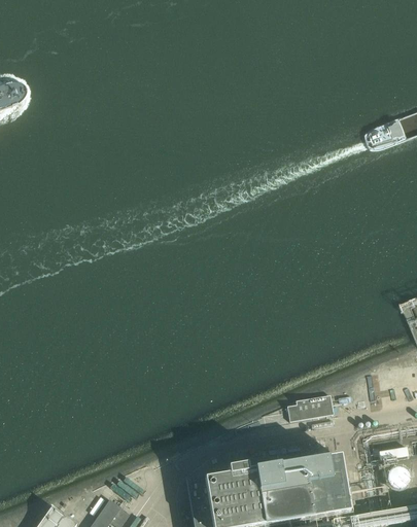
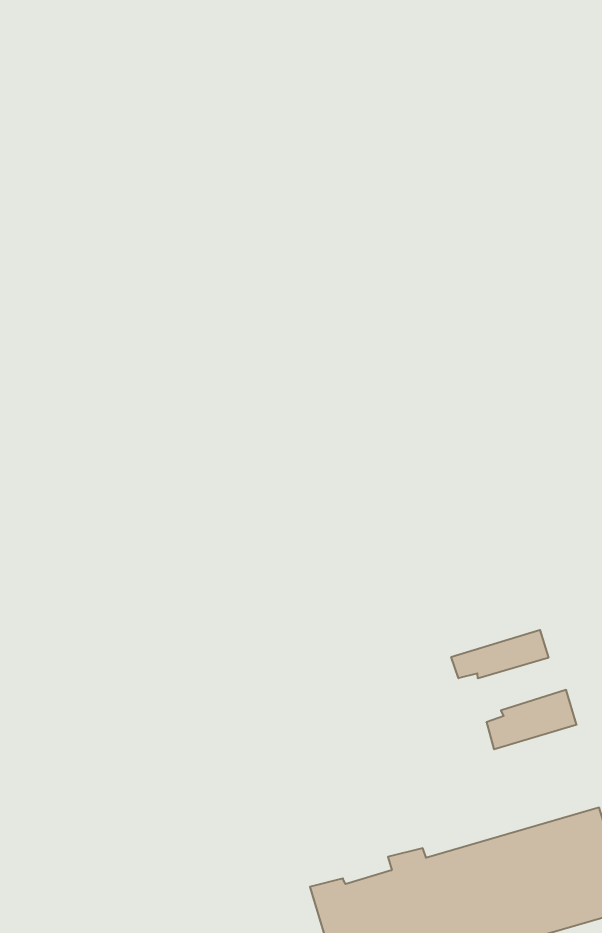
building: none -> [451,630,548,678]

